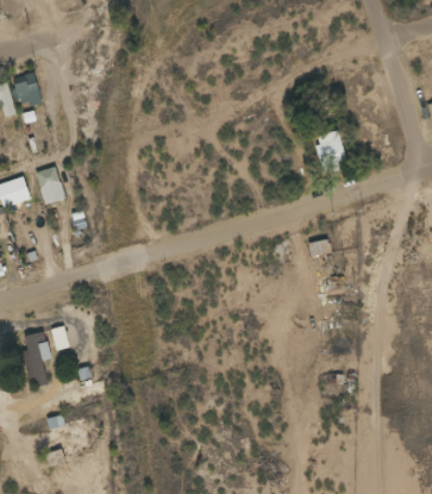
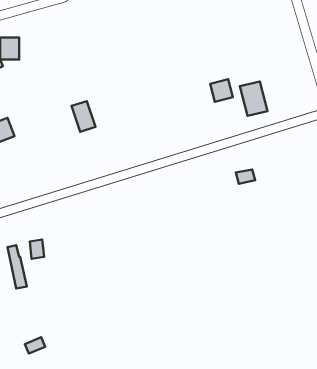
building: none -> [210,79,233,102]
building: [35,165,64,204] -> [72,101,96,132]

